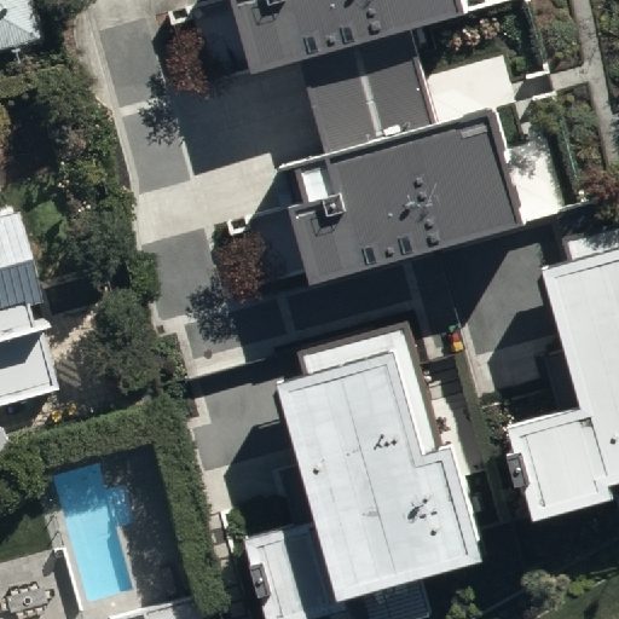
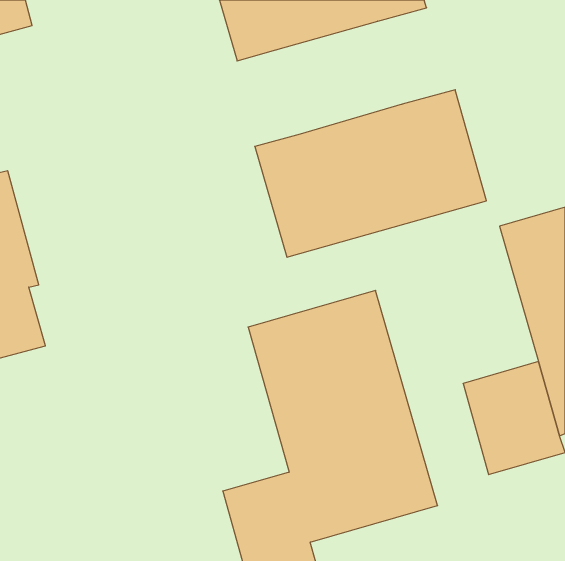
building: [301,29,439,152] -> none

